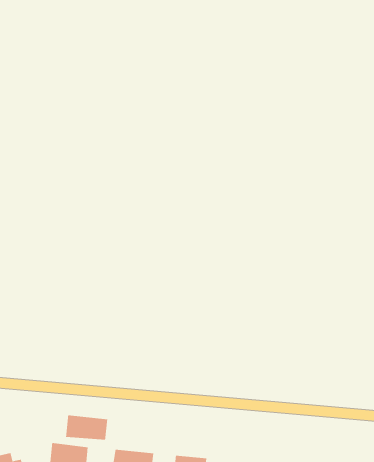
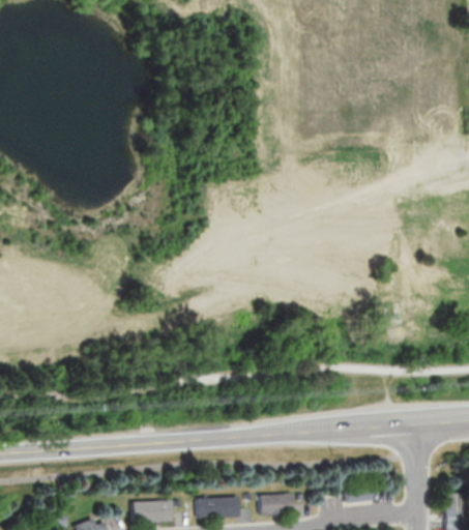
building: [65,415,108,441] -> none

